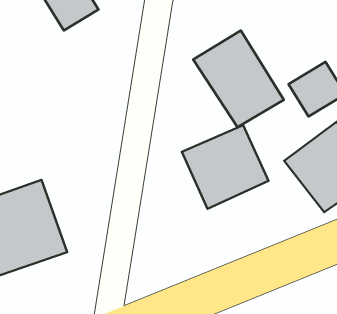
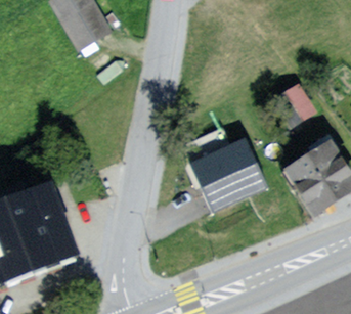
building: [193,31,284,127] -> none

